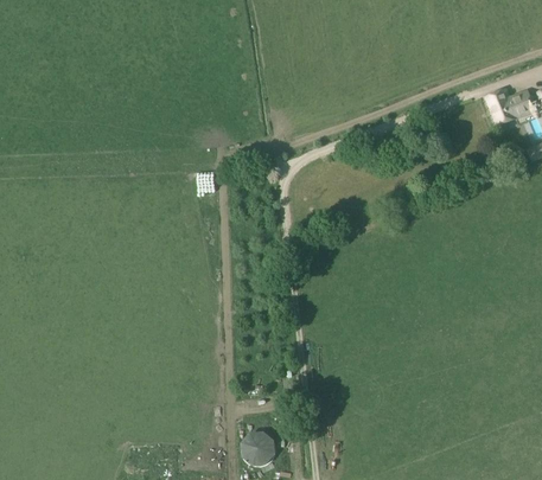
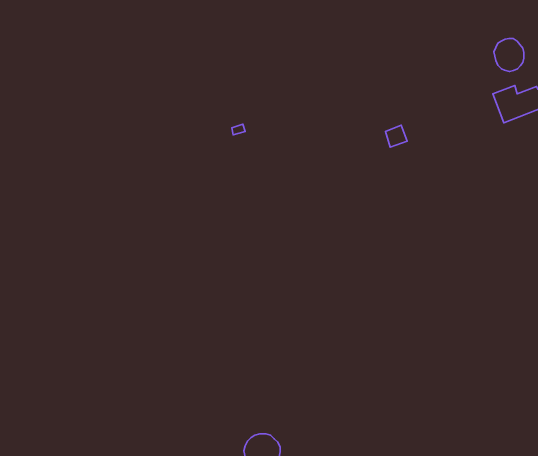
building: none -> [494,38,524,71]

